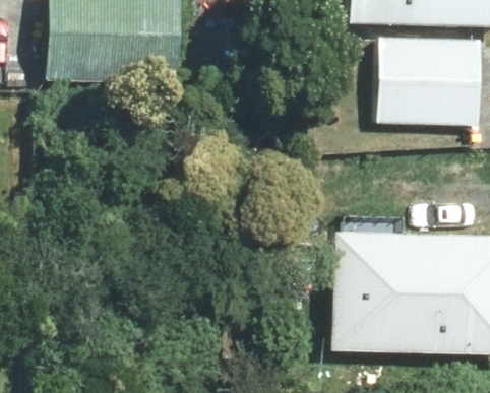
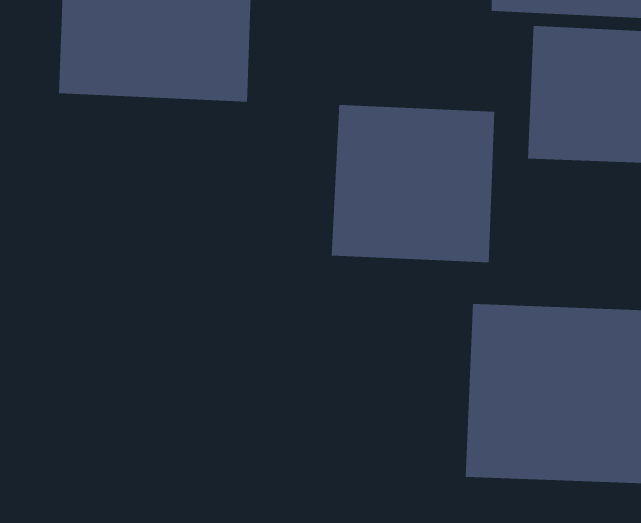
building: none -> [331,104,495,263]

